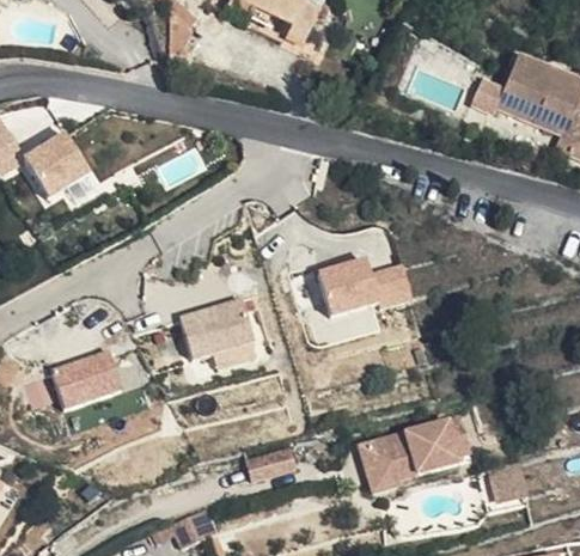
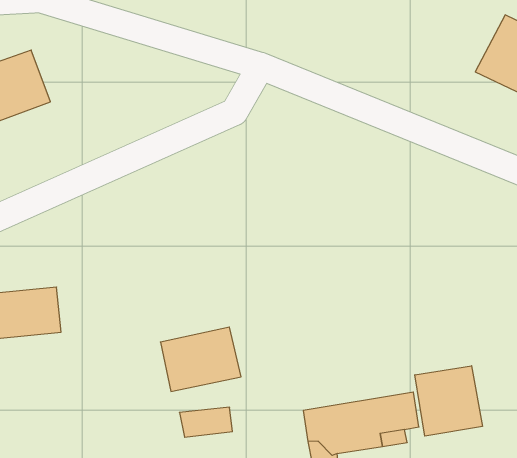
building: [317,255,414,319] -> none
building: [179,294,258,360] -> [160,327,241,391]
building: none -> [415,366,482,436]

